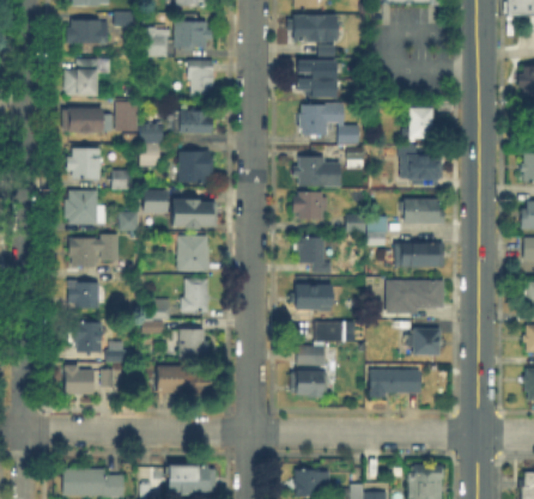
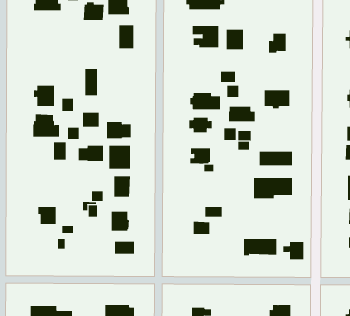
building: [65,60,108,99] -> none
building: [115,101,135,129] -> none
building: [301,105,327,135] -> [226,29,244,50]
building: [65,110,110,134] -> none
building: [405,110,431,139] -> [268,33,286,53]
building: [172,112,208,132] -> none
building: [180,150,212,182] -> none
building: [403,201,443,224] -> [228,106,255,122]
building: none -> [78,145,103,162]
building: [65,236,92,264] -> none
building: [69,280,97,305] -> none
building: [291,281,330,311] -> none
building: [405,329,436,355] -> [283,242,304,260]
building: [63,367,93,394] -> none
building: [158,369,182,394] -> none
building: [291,372,328,395] -> none

